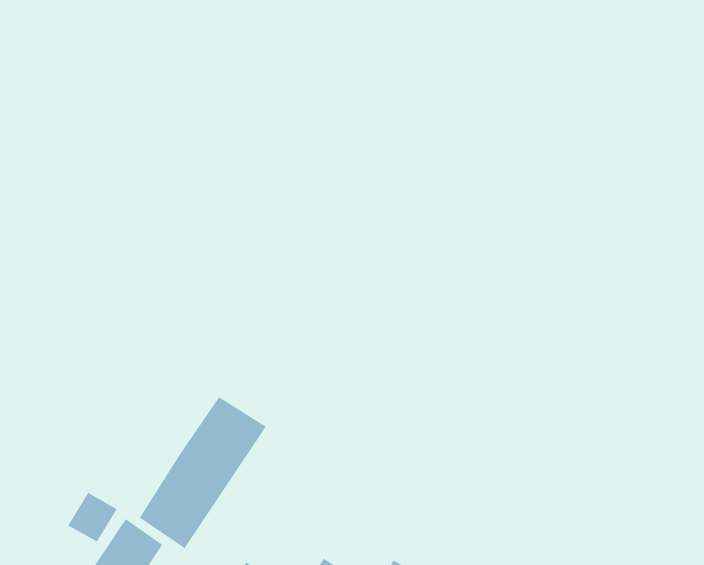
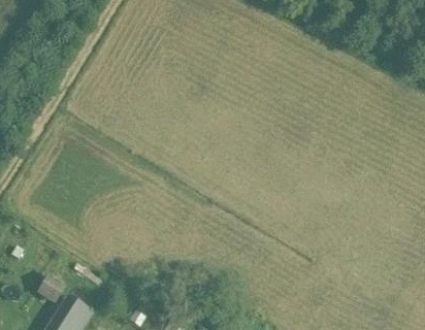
building: [139,396,267,549] -> none

